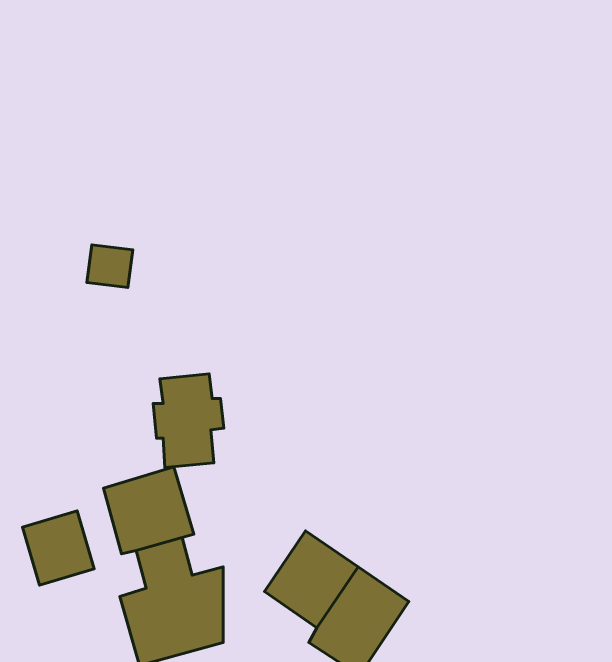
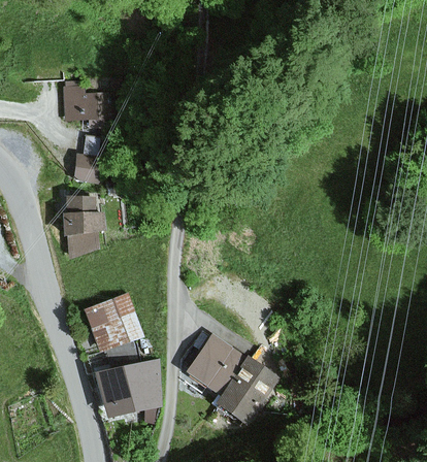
building: none -> [65,85,116,120]
building: [153,374,224,468] -> [61,195,105,254]
building: [23,511,94,585] -> none

